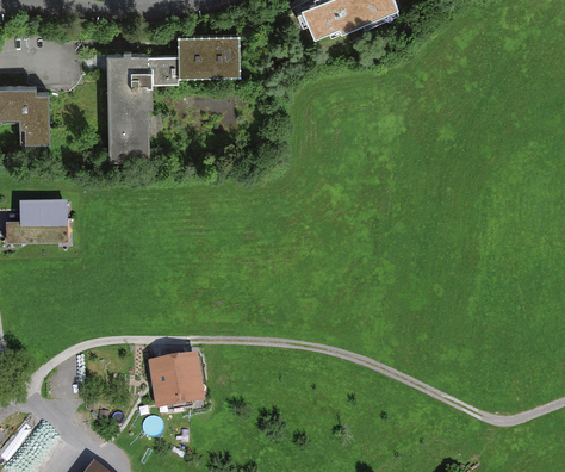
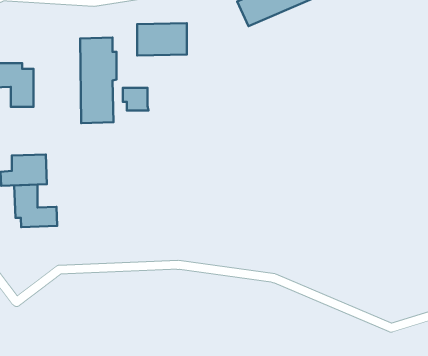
building: [148,56,180,85] -> [123,88,149,111]
building: none -> [14,184,57,227]
building: [154,355,199,403] -> none

